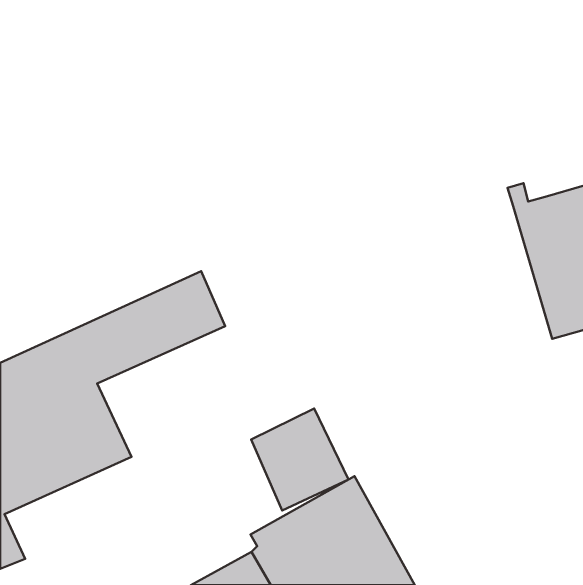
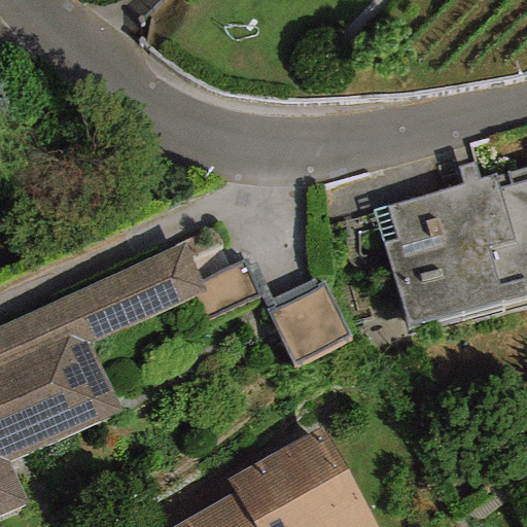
building: none -> [372,185,498,328]
building: [251,409,348,510] -> [265,276,352,367]

